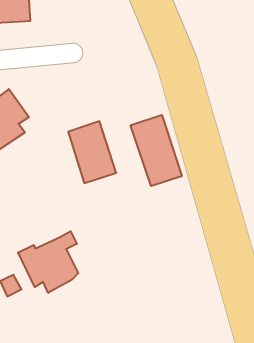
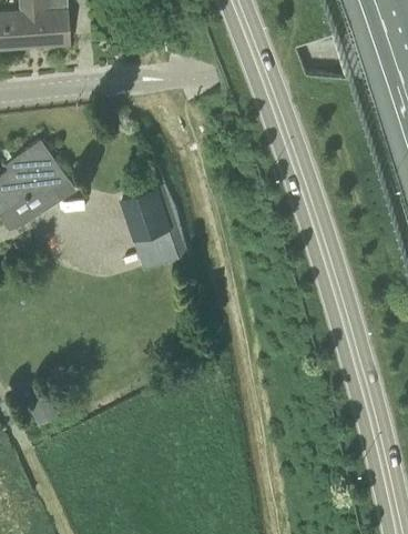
building: [131,115,182,186] -> none
building: [18,231,78,293] -> none

